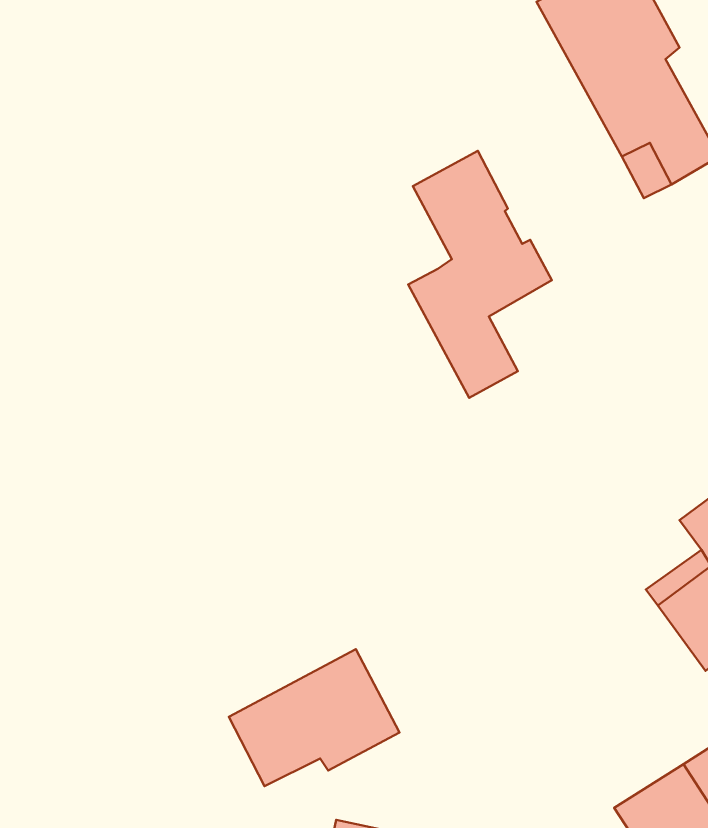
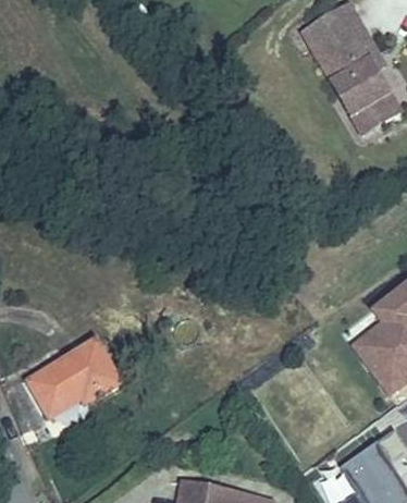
building: [408,151,552,398] -> none
building: [229,649,400,786] -> [39,339,133,414]

